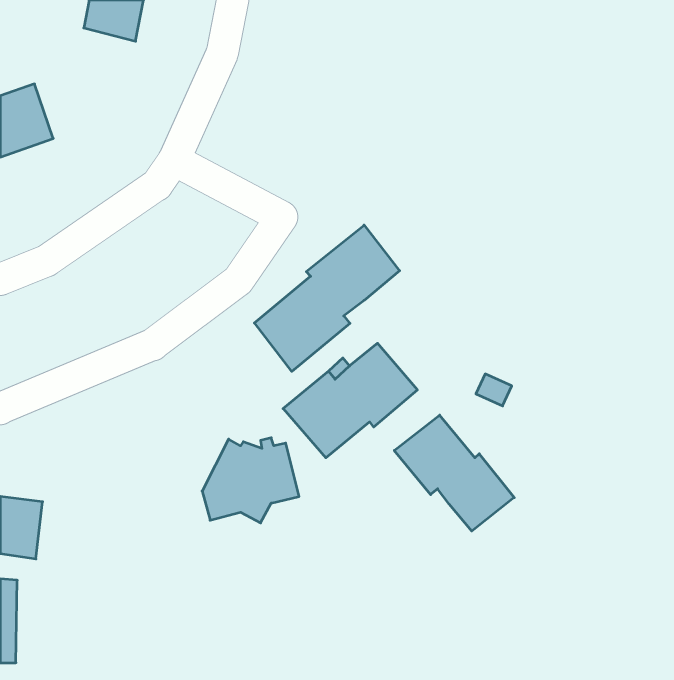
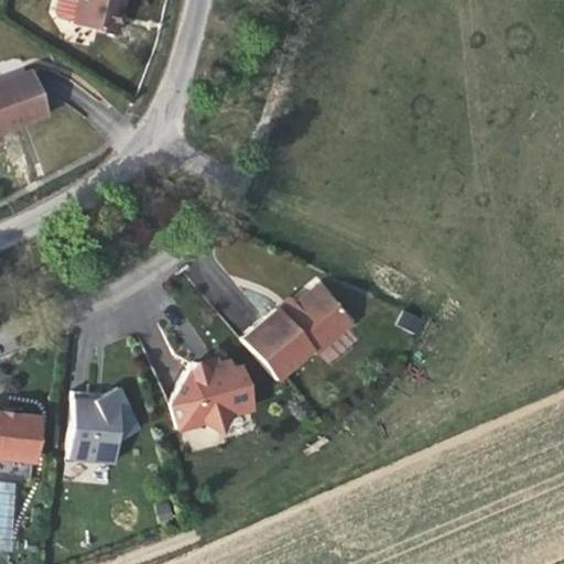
building: [254,225,400,371] -> none
building: [394,415,514,531] -> none
building: none -> [68,389,141,466]

